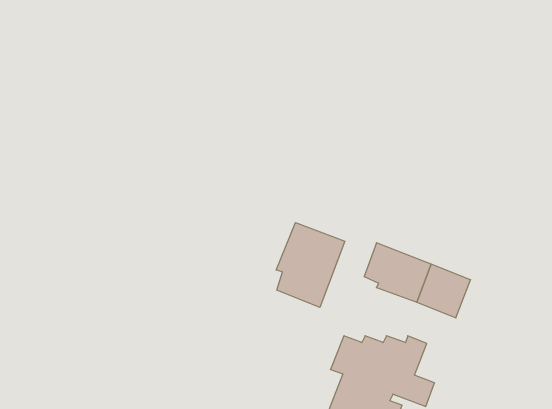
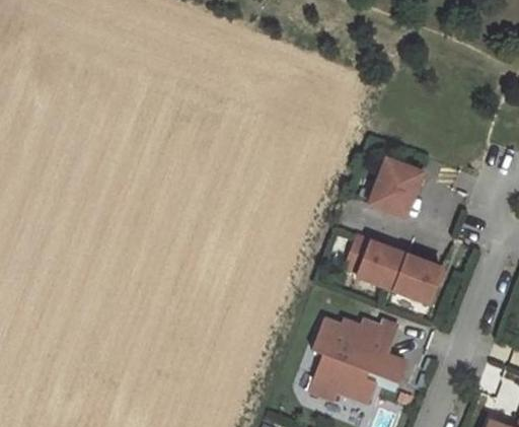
building: none -> [368,158,420,217]
building: [276,223,345,307] -> none

